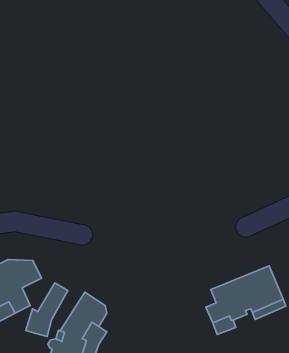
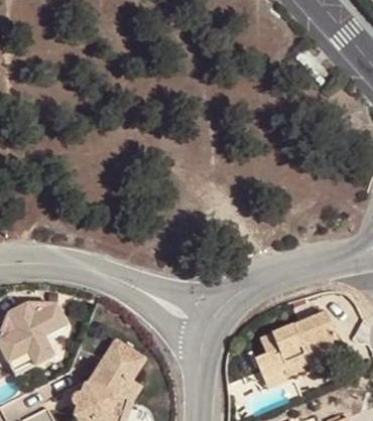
building: [26,283,68,336] -> none

